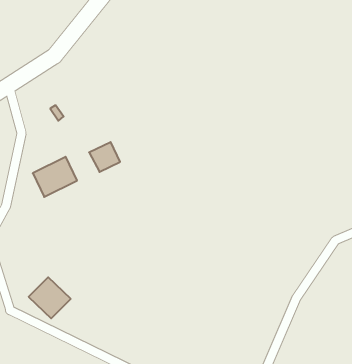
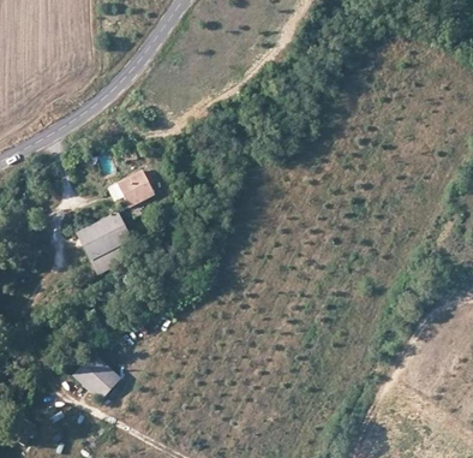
building: [89,142,120,172] -> [118,169,154,204]

